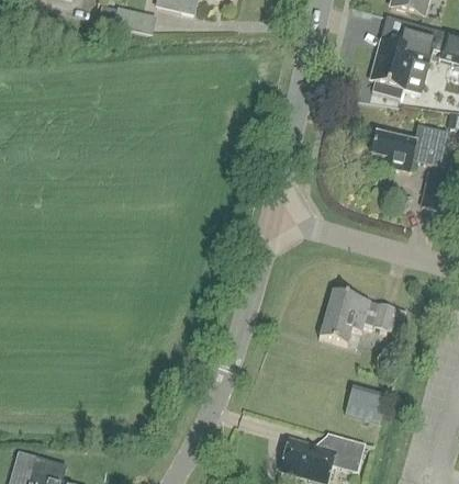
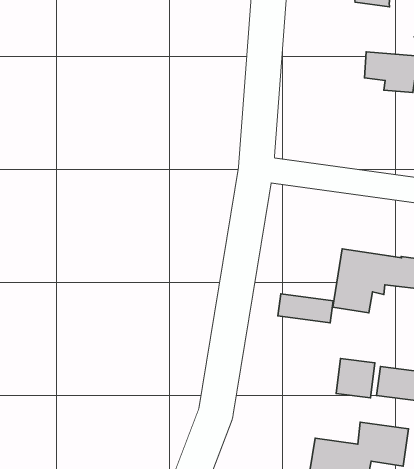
building: none -> [278,294,333,323]
building: none -> [336,358,375,398]

